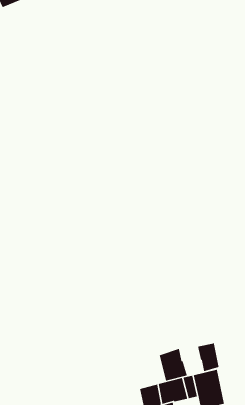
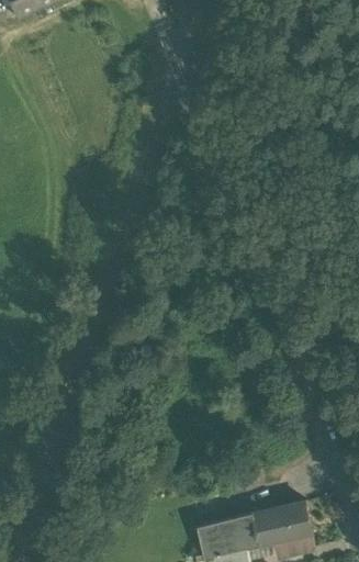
building: [197,342,220,372] -> none
building: [159,348,188,382] -> none

